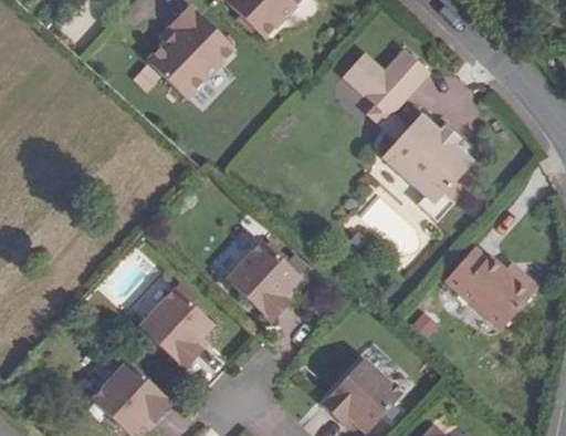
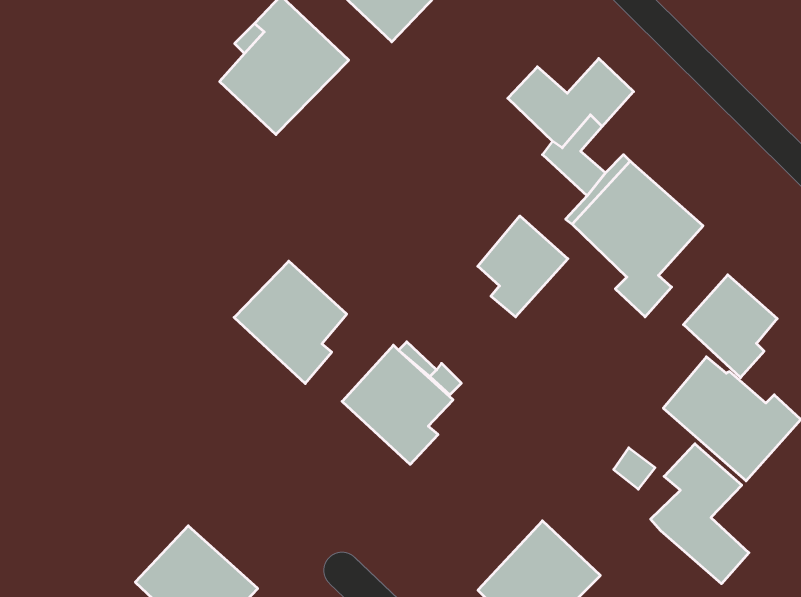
building: none -> [478,216,568,317]
building: none -> [683,275,777,378]
building: [138,287,213,368] -> [234,261,347,384]
building: none -> [651,444,749,584]

